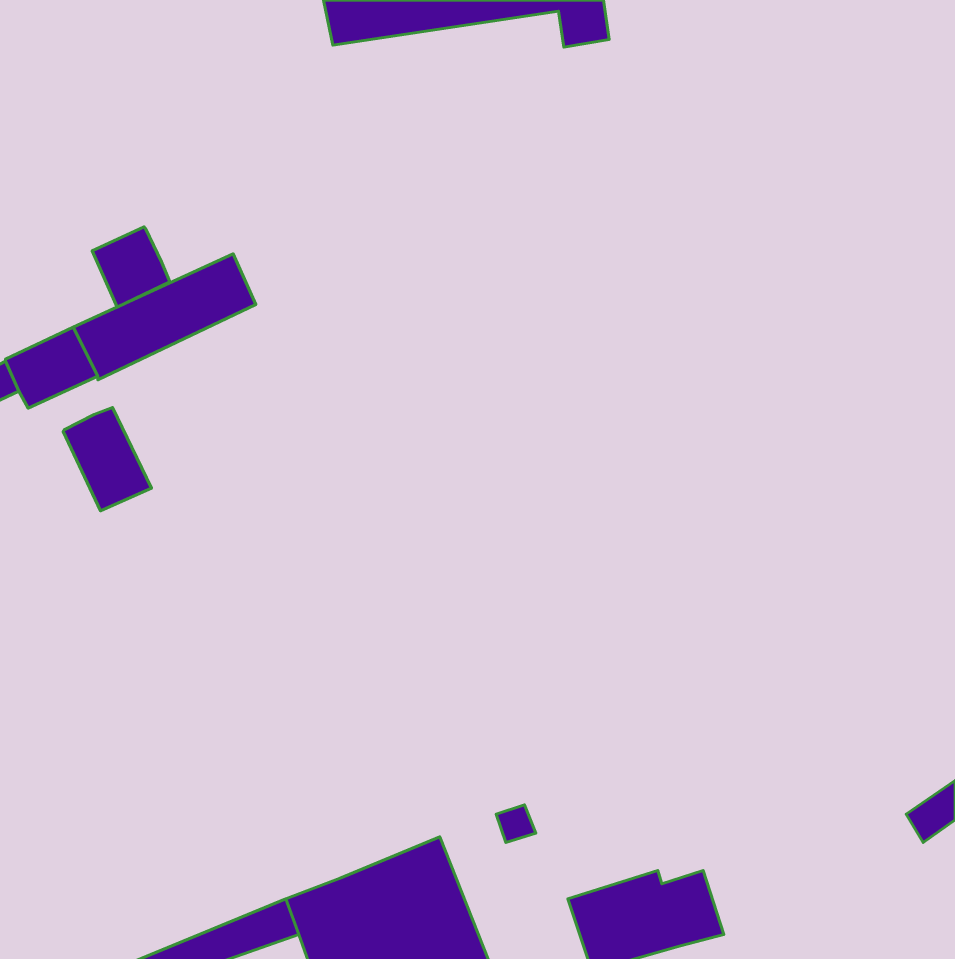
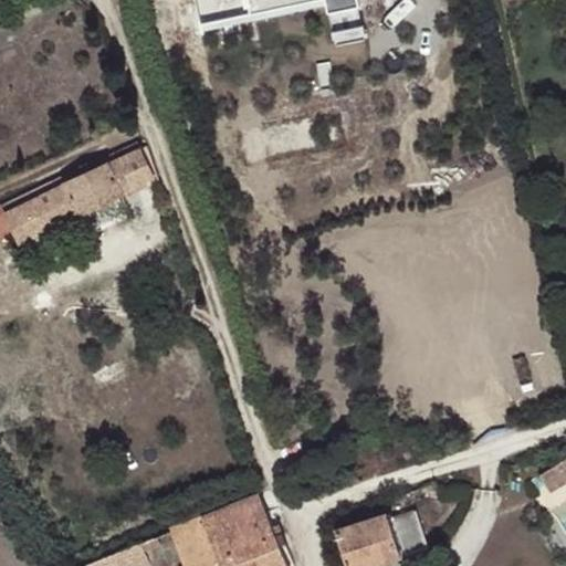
building: [92,227,170,307] -> none
building: [63,407,152,511] -> none

